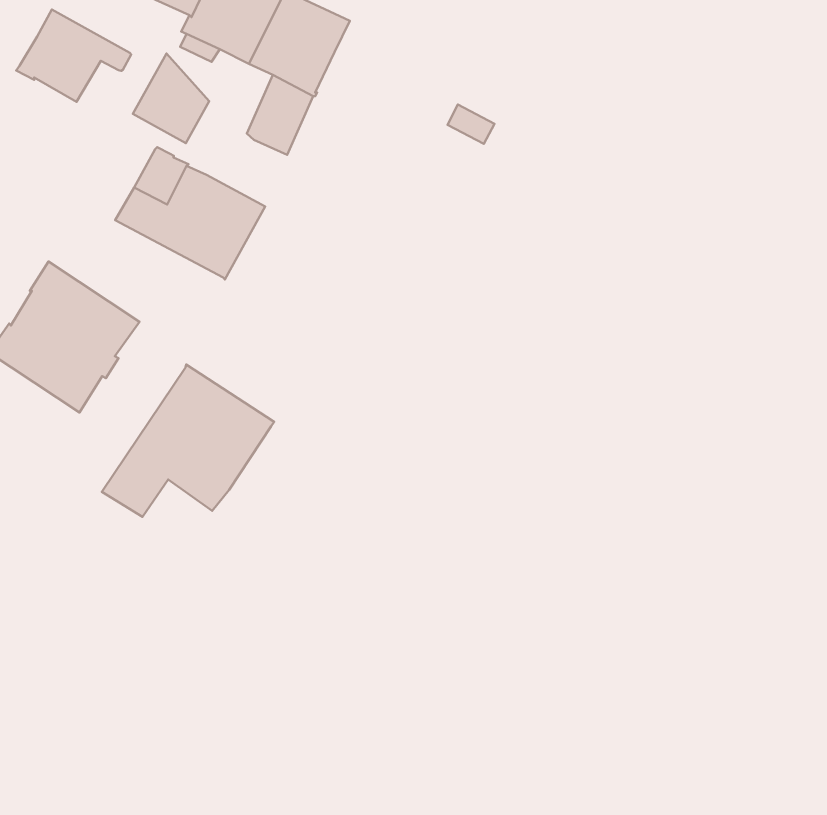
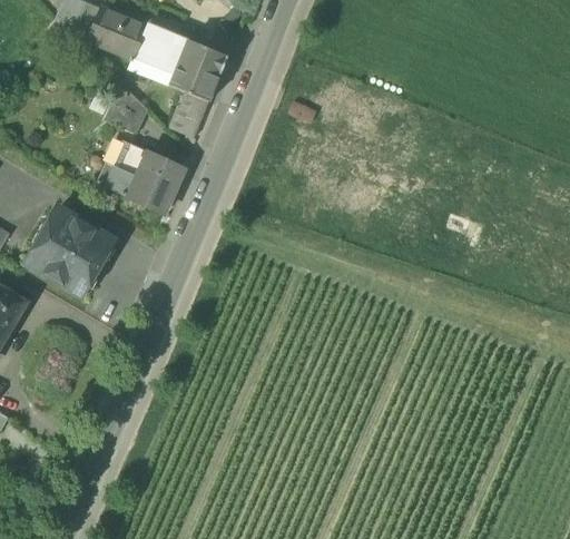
building: [16,9,131,102] -> none
building: [102,364,274,517] -> none

